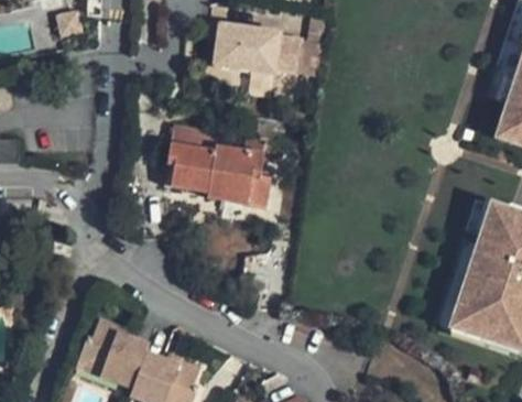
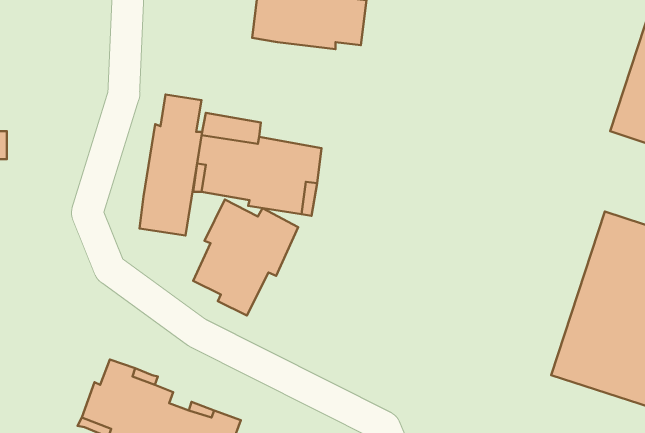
building: none -> [140,95,202,236]
building: none -> [193,199,298,316]

